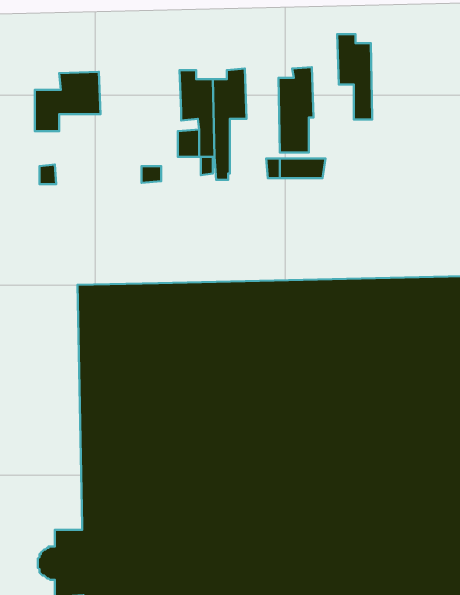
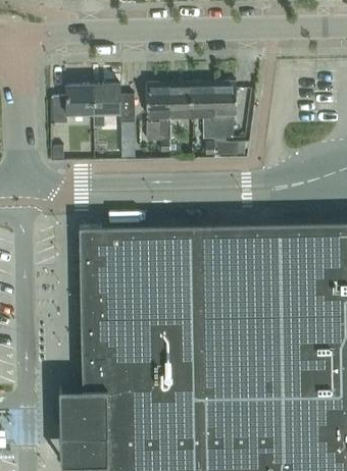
building: [337,34,372,119] -> [192,85,215,142]
building: none -> [94,87,136,130]

